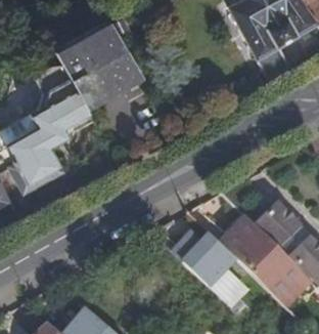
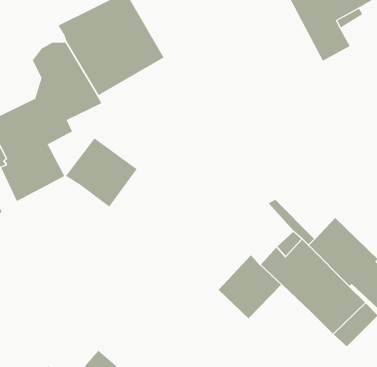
building: none -> [65,137,137,207]

